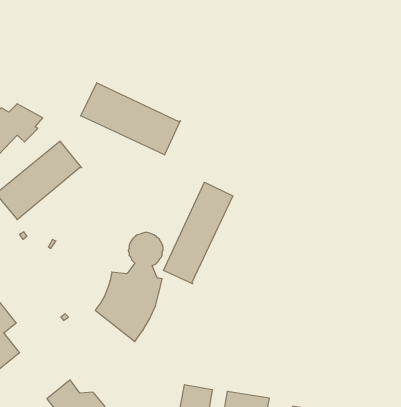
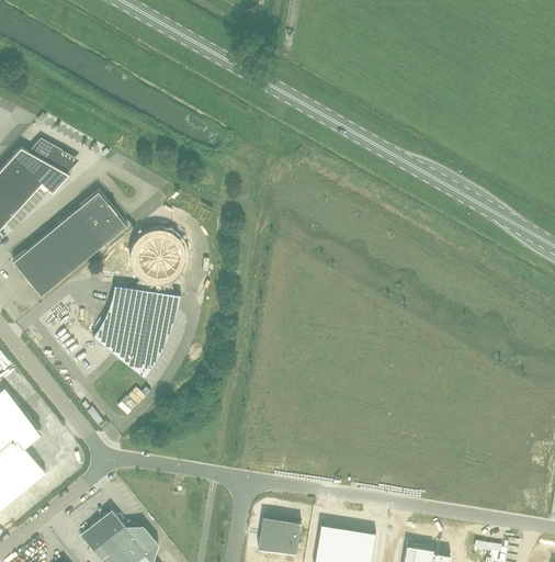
building: [81,83,180,155] -> none
building: [163,182,233,284] -> none
building: [95,232,163,342] -> [92,234,182,379]

